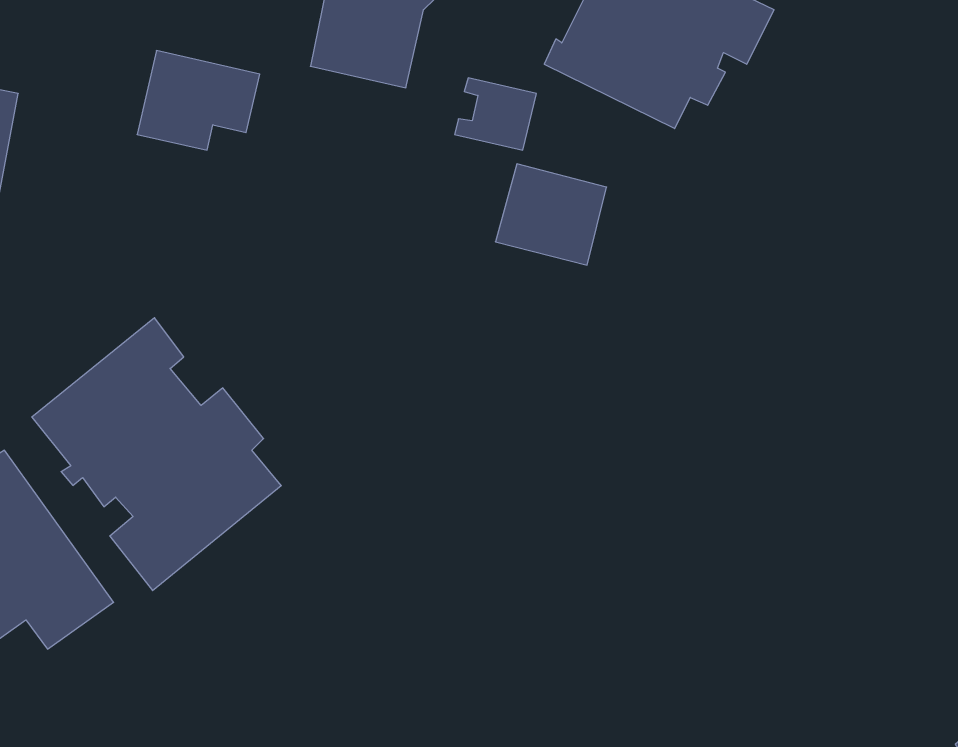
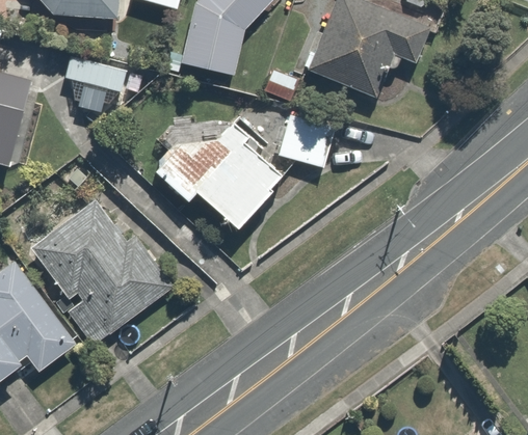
building: none -> [153,124,280,232]

